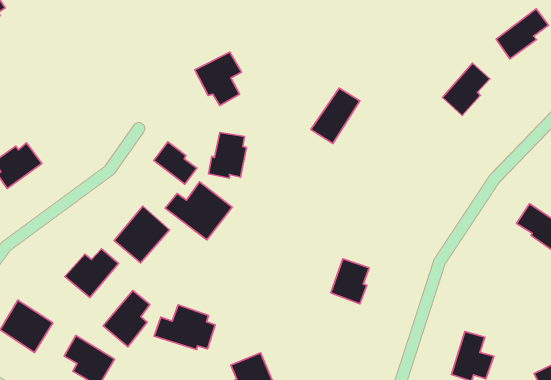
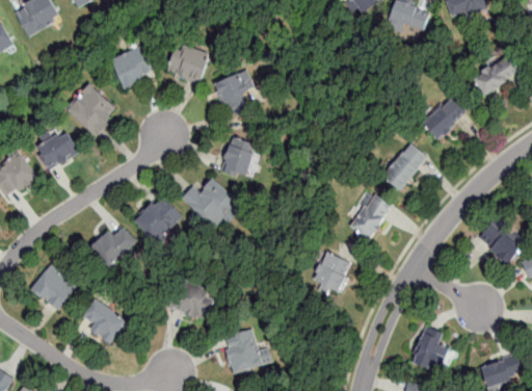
building: none -> [165,46,209,81]
building: none -> [111,46,152,85]
building: none -> [65,84,114,135]
building: [311,88,360,144] -> [383,144,427,190]
building: [154,142,197,184] -> none
building: none -> [351,194,391,240]
building: [103,290,150,347] -> none

